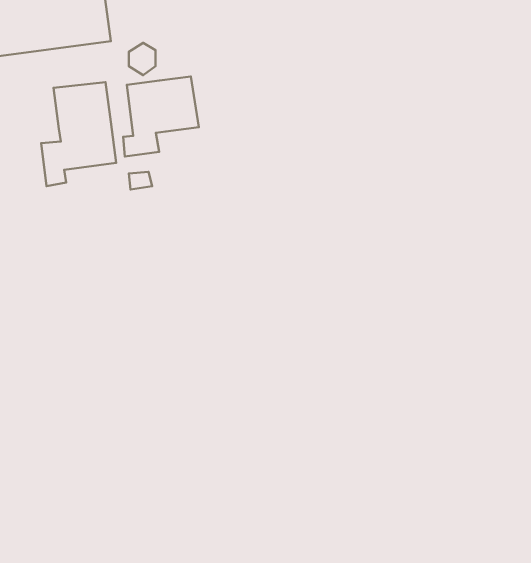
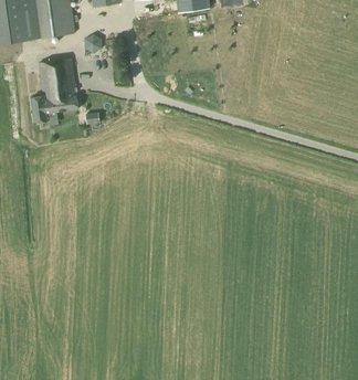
building: [123,77,199,157] -> none

